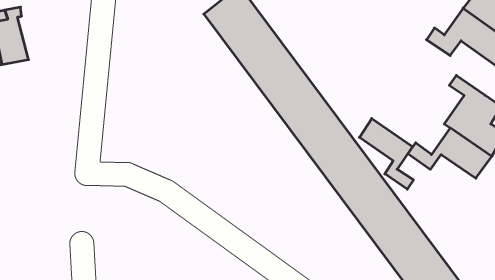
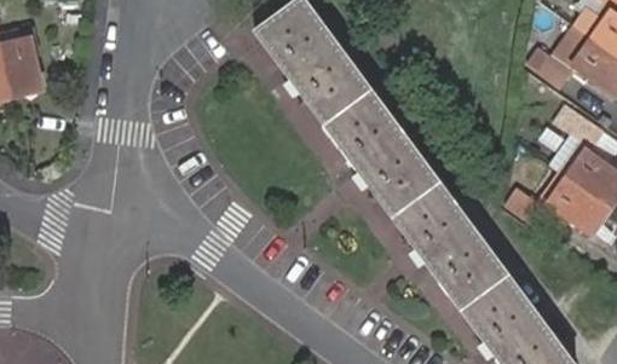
building: [359,118,413,189] -> none

